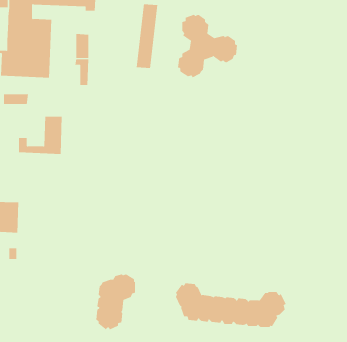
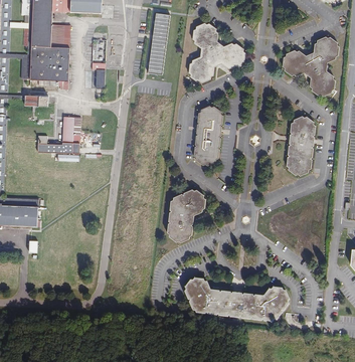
building: none -> [283,33,339,94]
building: none -> [194,102,224,162]
building: none -> [285,115,315,176]
building: [96,274,136,330] -> [169,185,207,238]

